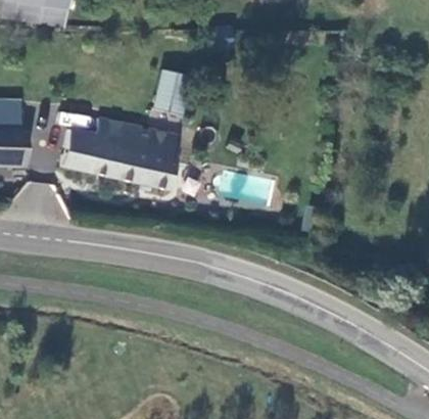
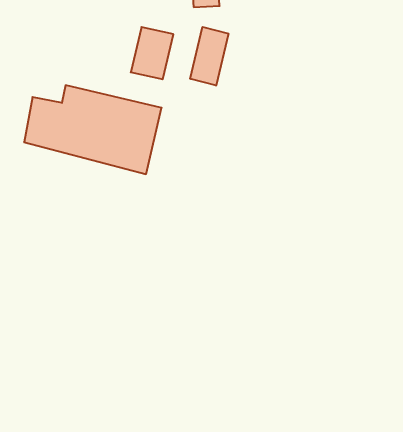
building: none -> [190,27,228,86]

